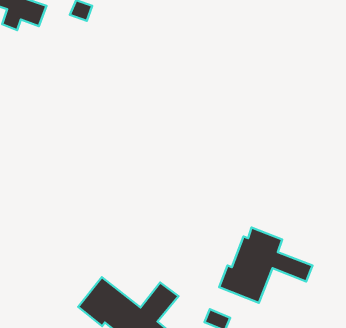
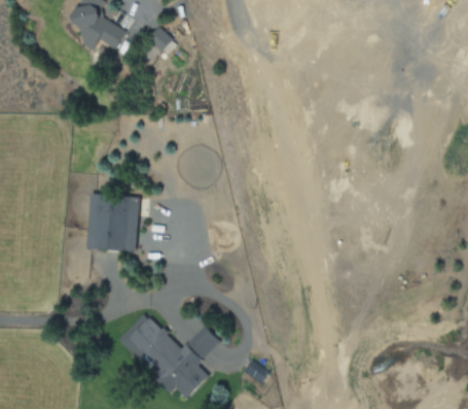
building: none -> [86,194,138,251]
building: [219,227,313,303] -> none

